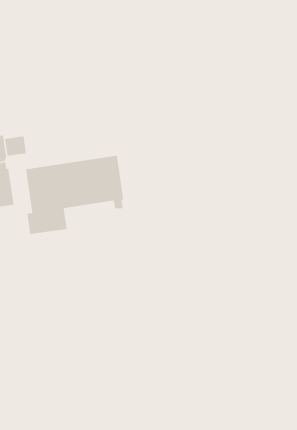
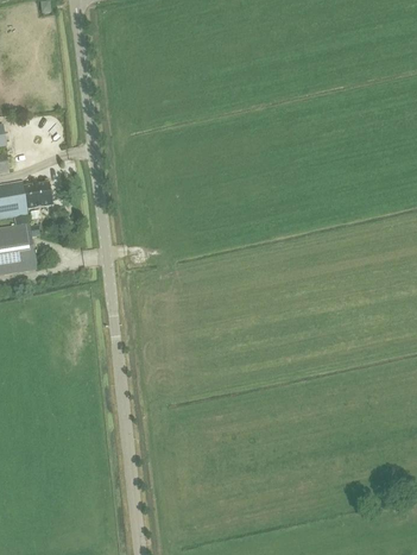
building: [25,155,124,235] -> none

